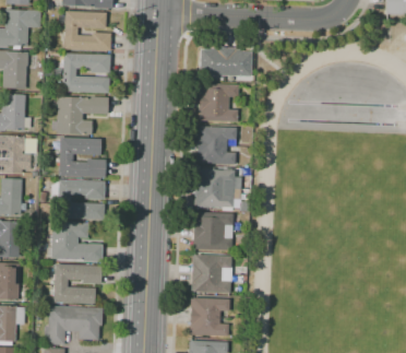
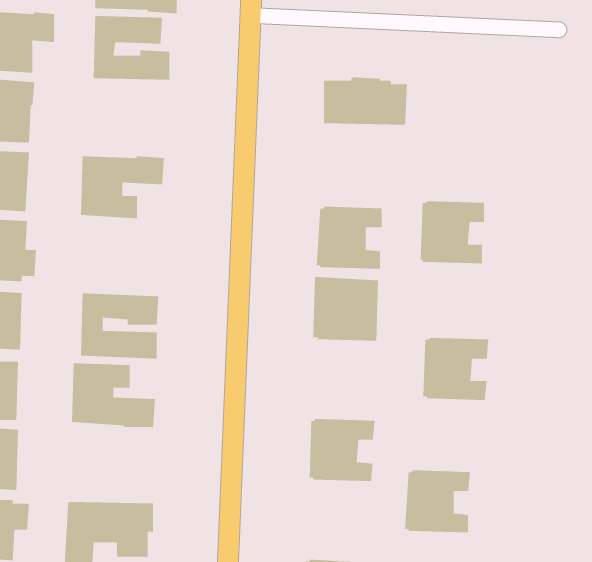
building: [61,52,109,93] -> none
building: [201,84,240,122] -> [420,201,485,264]
building: [58,137,105,178] -> none
building: [195,213,236,251] -> [423,337,489,400]
building: [52,263,100,304] -> none
building: [192,298,232,337] -> [404,470,471,533]

